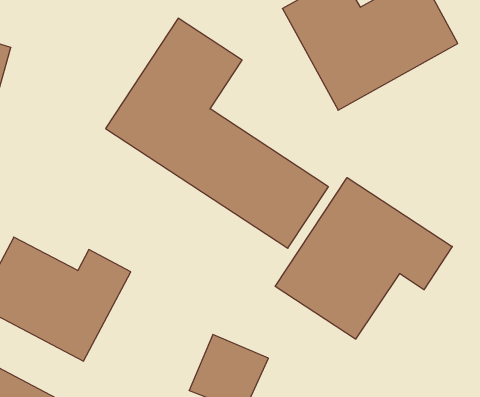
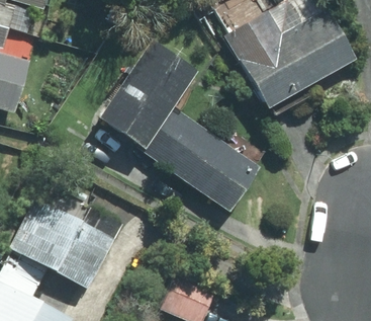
building: [275,178,452,339] -> none

